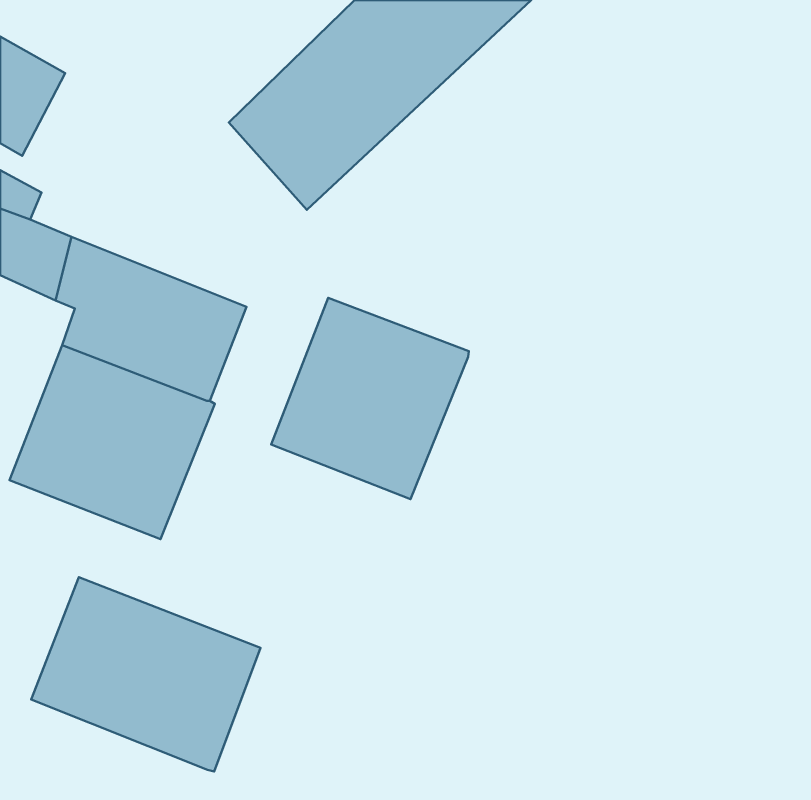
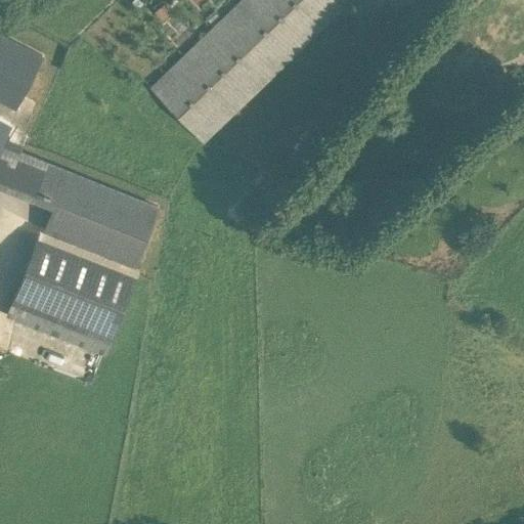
building: [271,298,469,499] -> none
building: [31,577,261,771] -> none

